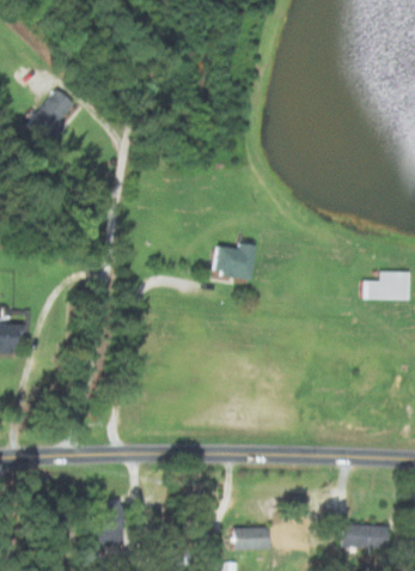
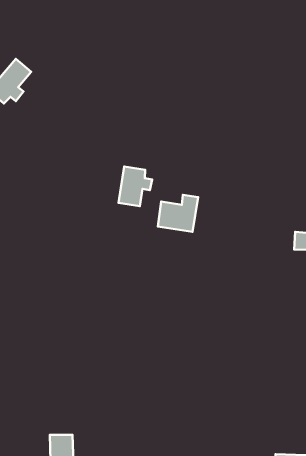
building: none -> [119,167,152,206]

